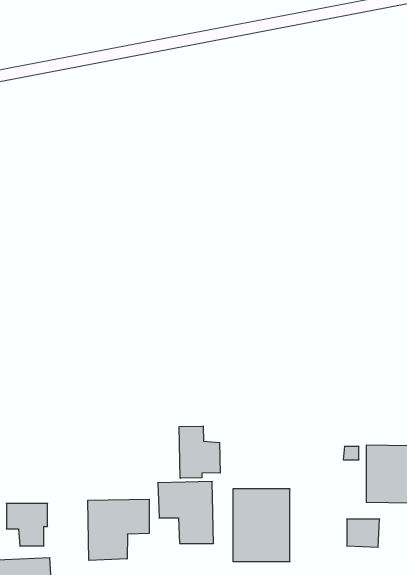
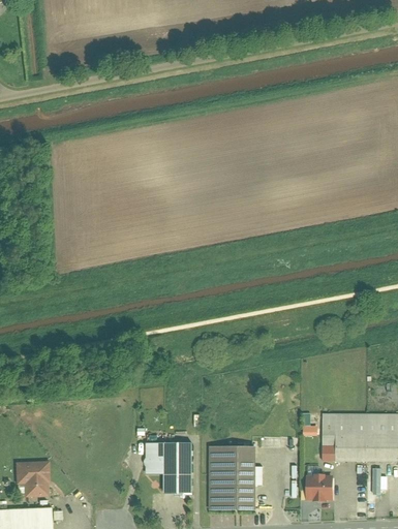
building: [179,426,220,478] -> none
building: [88,499,149,560] -> none

